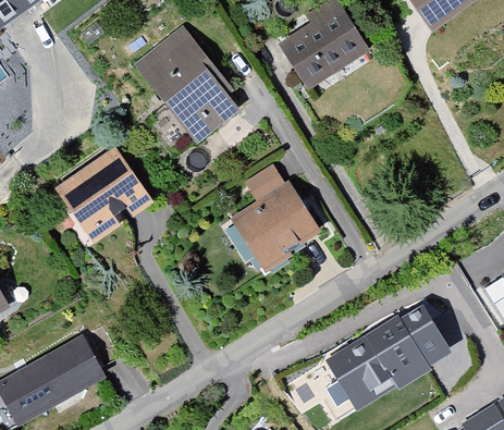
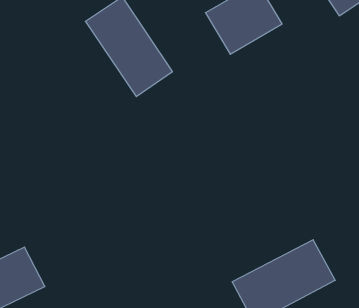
building: [59,148,149,237] -> none
building: [229,180,324,278] -> none

